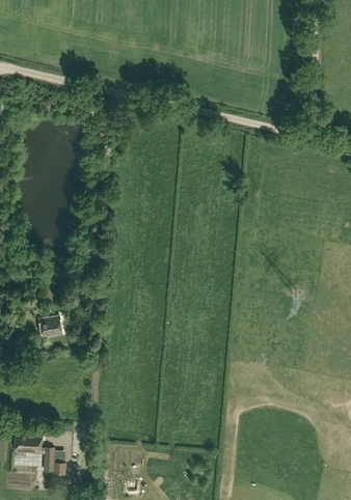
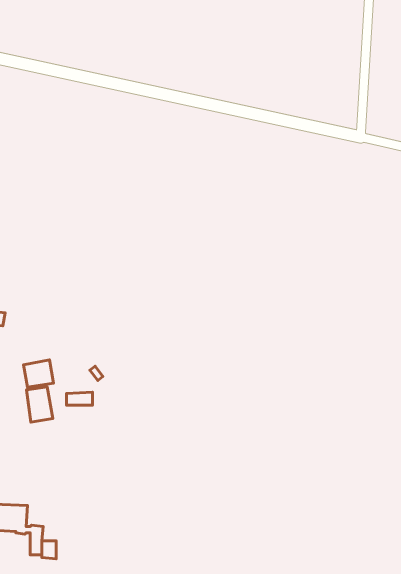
building: none -> [26,387,53,422]

